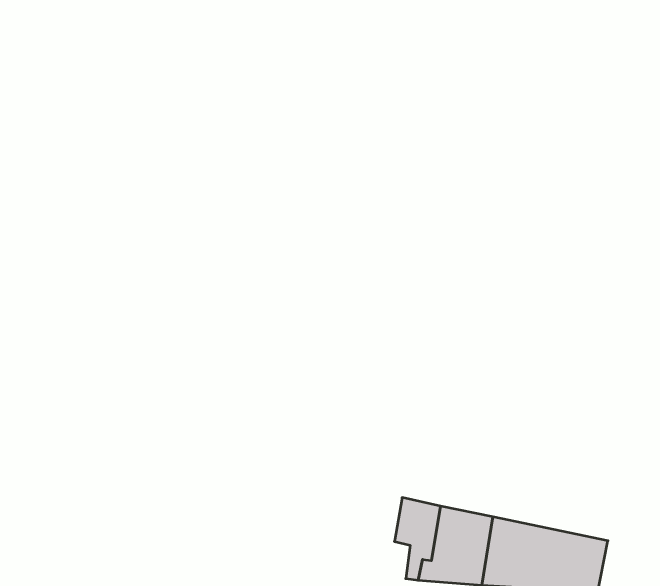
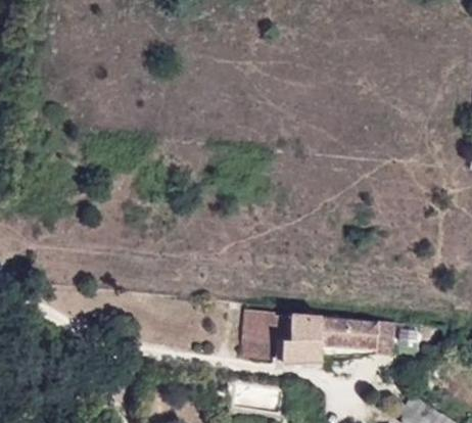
building: none -> [242,309,275,357]

